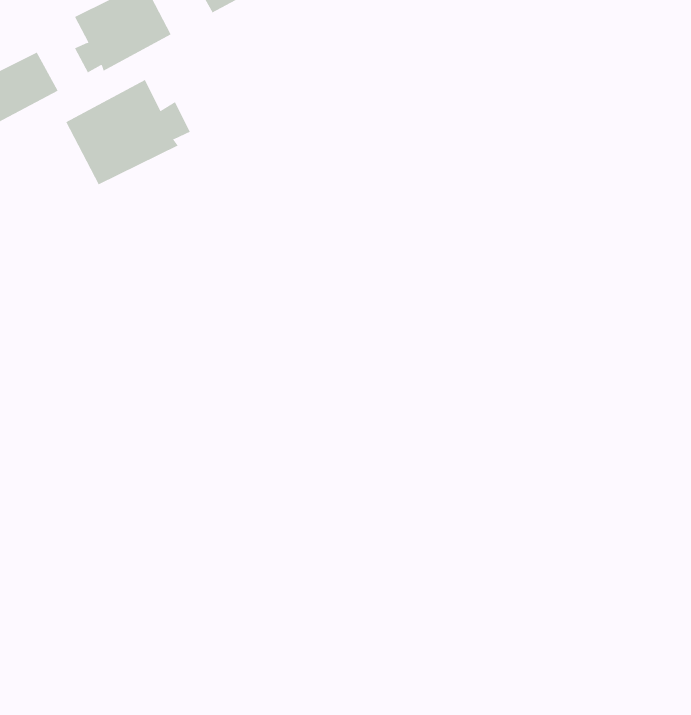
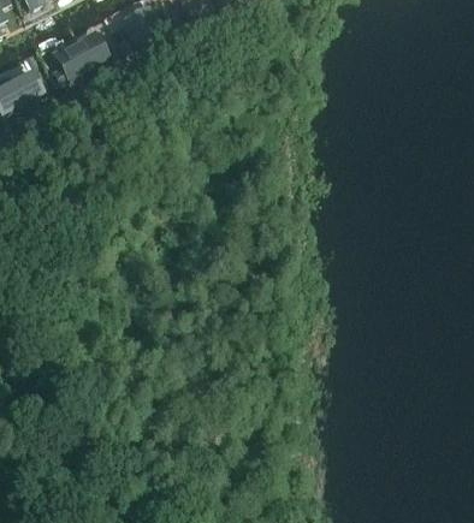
building: [66,79,191,185] -> none

